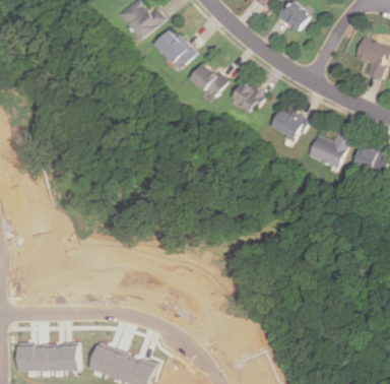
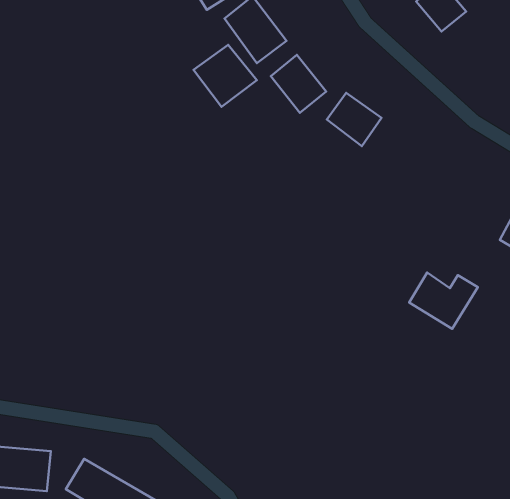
building: none -> [193,45,257,107]
building: [268,108,306,141] -> none
building: [308,133,351,169] -> [409,272,478,329]

